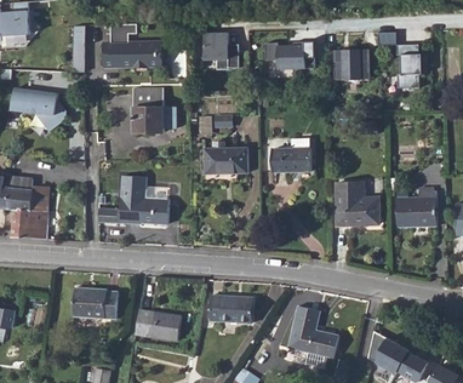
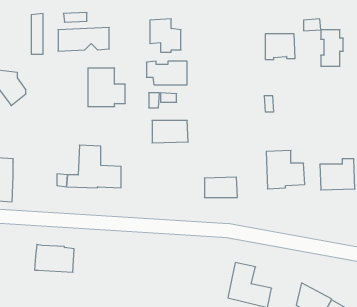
building: [267,41,313,68] -> [146,61,187,85]
building: [271,147,309,170] -> [204,177,237,197]
building: [210,296,253,324] -> none
building: [136,310,182,341] -> none

